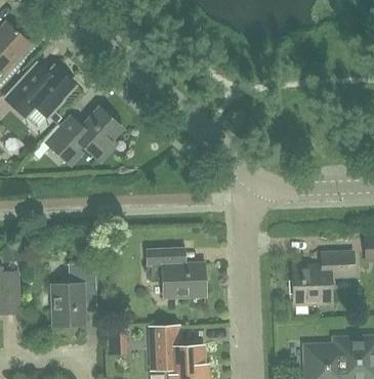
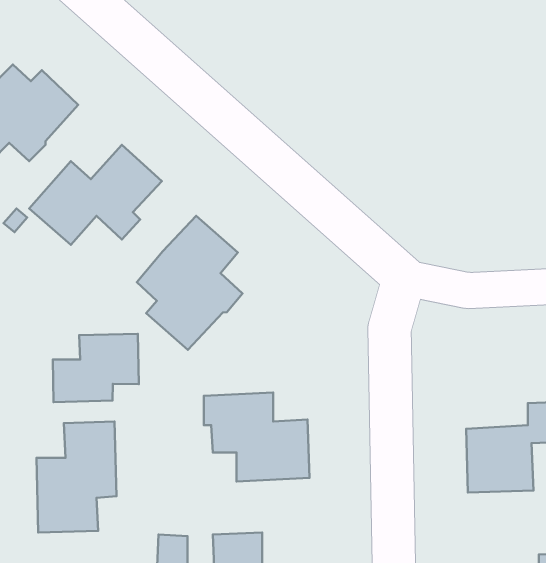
building: none -> [137,216,242,350]
building: none -> [53,334,139,402]

